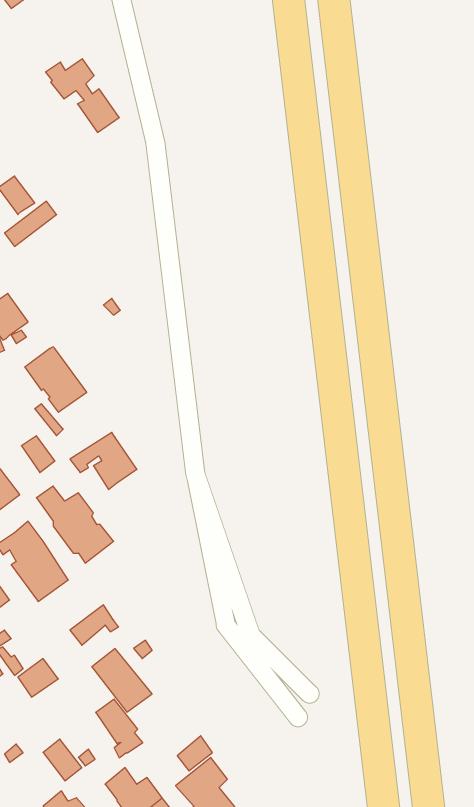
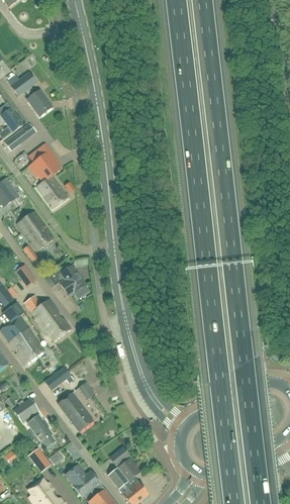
building: [46,59,119,132] -> [7,71,52,115]
building: none -> [28,144,68,208]
building: [96,699,143,758] -> [27,414,56,449]

